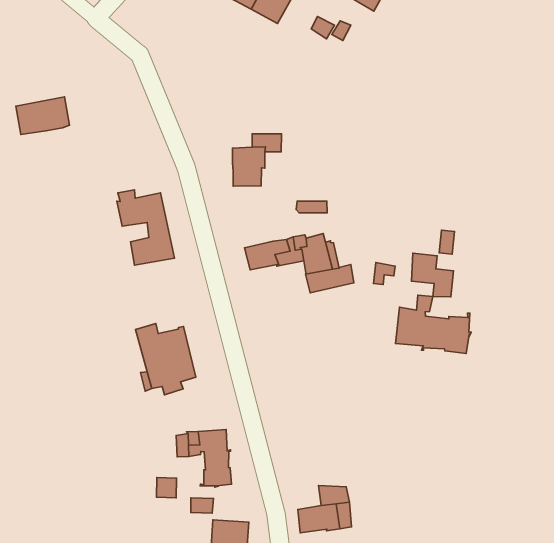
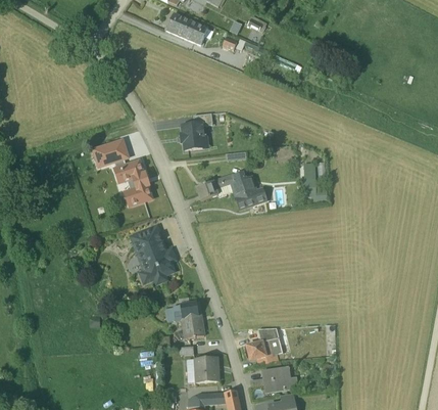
building: [16,97,69,135] -> [93,138,128,165]
building: [395,295,471,354] -> none
building: none -> [131,224,163,245]

